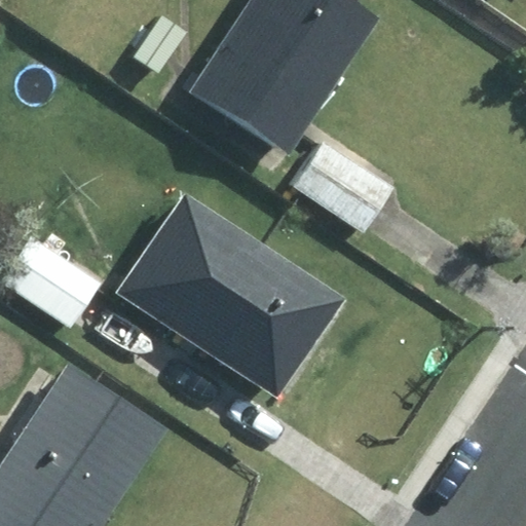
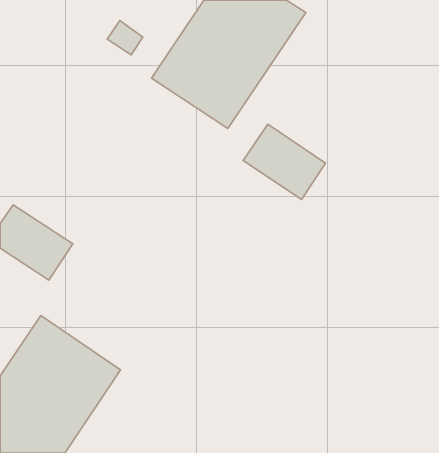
building: [117,197,334,396] -> none

